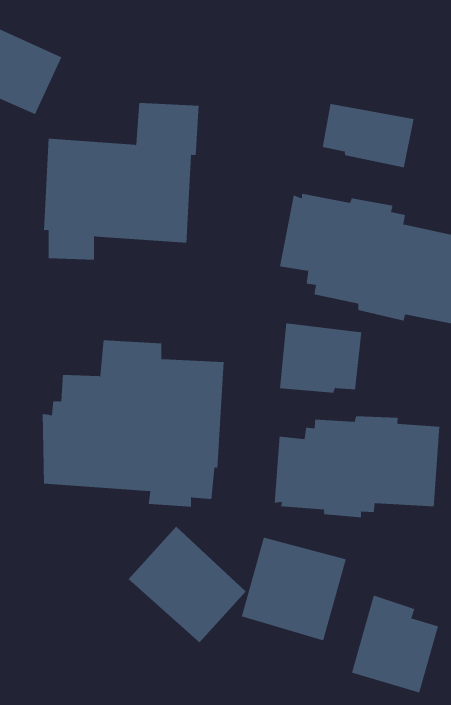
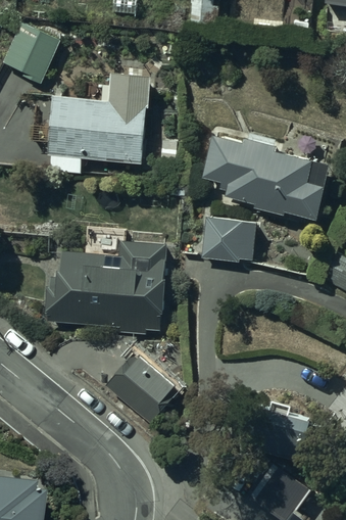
building: [322,103,414,168] -> none
building: [274,416,440,518] -> none
building: [241,537,346,641] -> none

